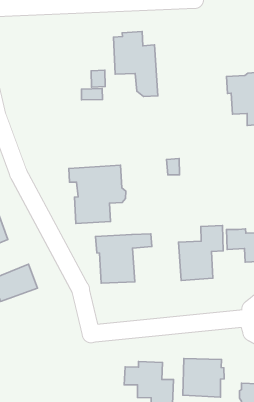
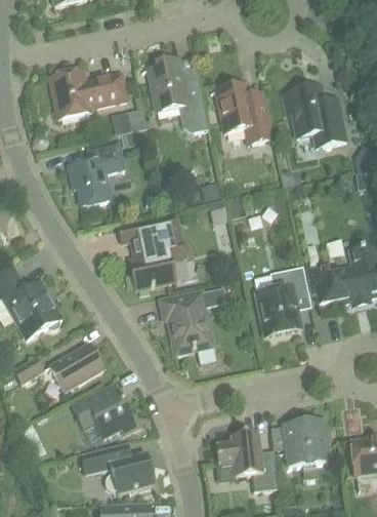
building: none -> [49,70,126,117]
building: none -> [215,83,273,144]
building: none -> [69,140,123,205]
building: none -> [71,383,139,436]
building: none -> [79,441,154,491]

